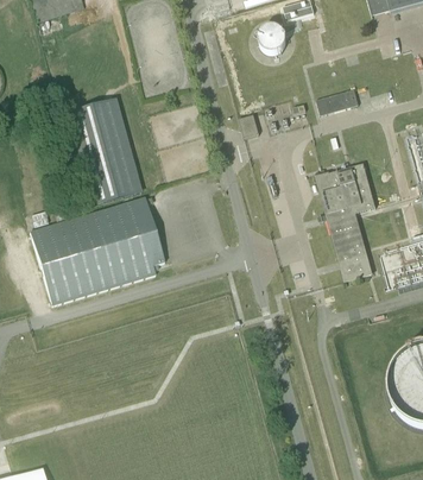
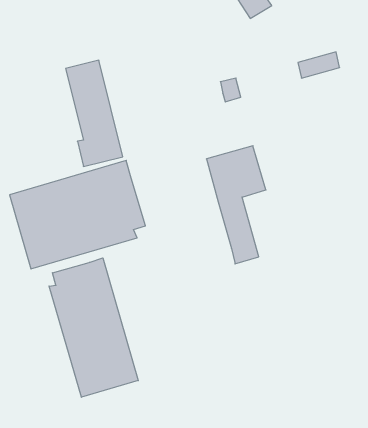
building: [316,163,375,280] -> [206,146,266,264]
building: none -> [49,258,138,397]

